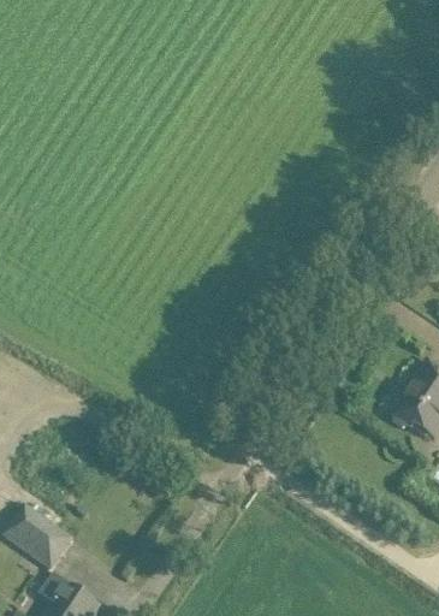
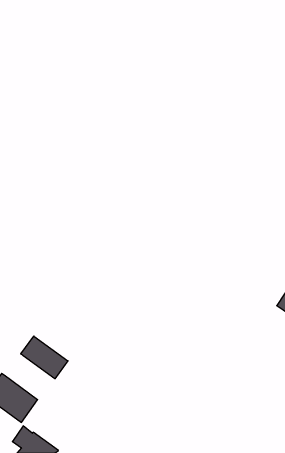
building: none -> [21,336,68,379]

